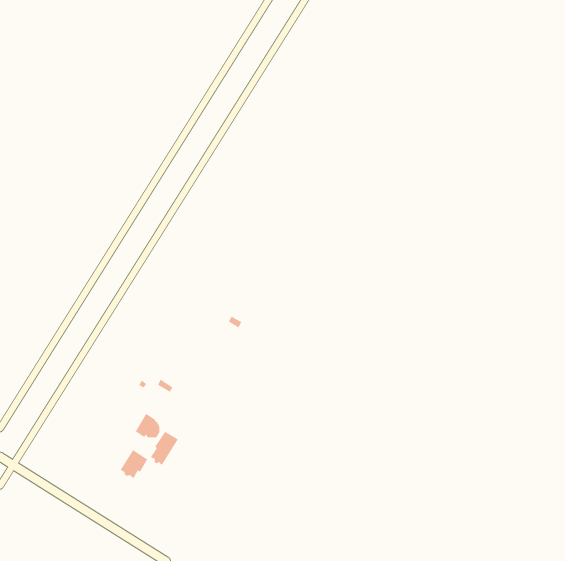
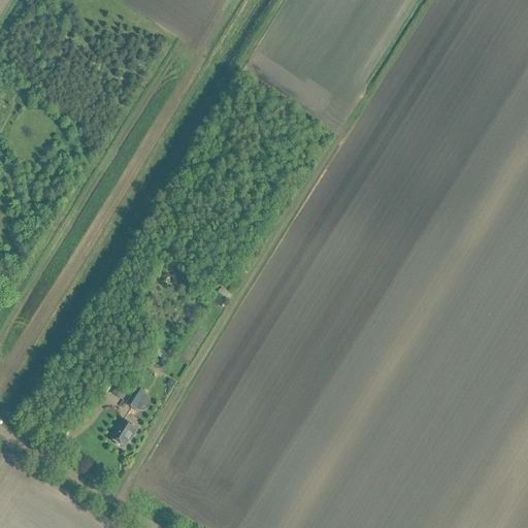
building: [150,431,179,466] -> none

